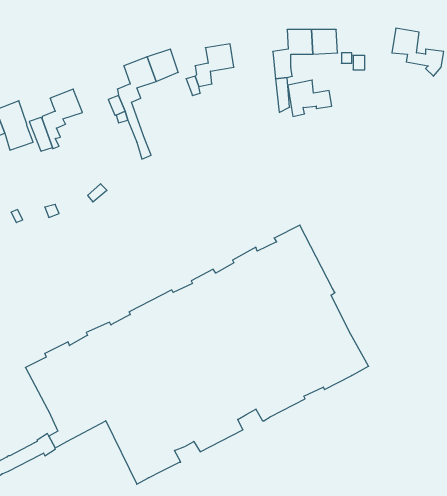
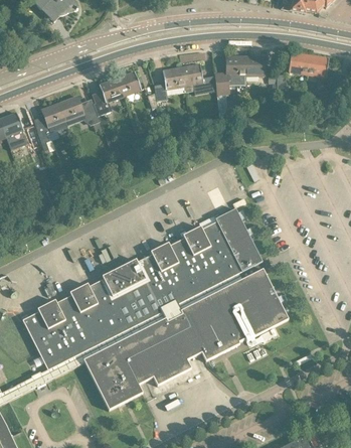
building: none -> [288,51,310,73]
building: none -> [59,95,83,120]
building: [288,80,332,116] -> [181,62,215,91]

